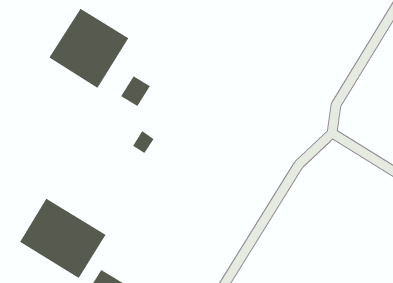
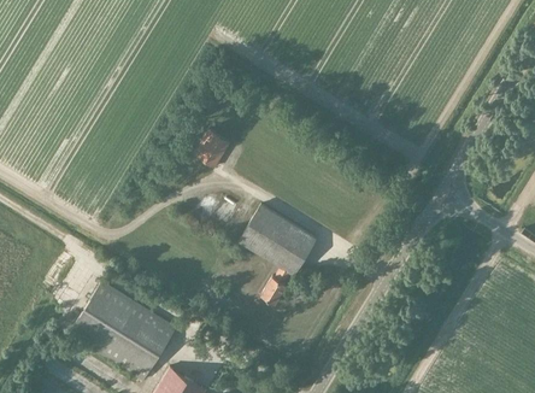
building: [48,8,129,89] -> none
building: none -> [240,204,317,304]

